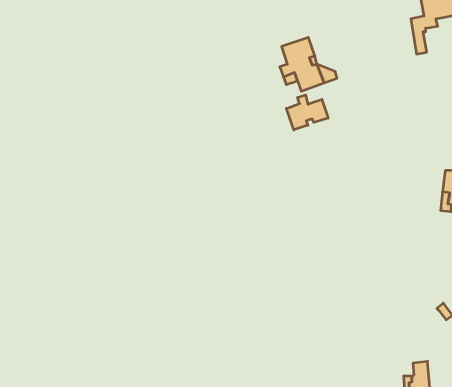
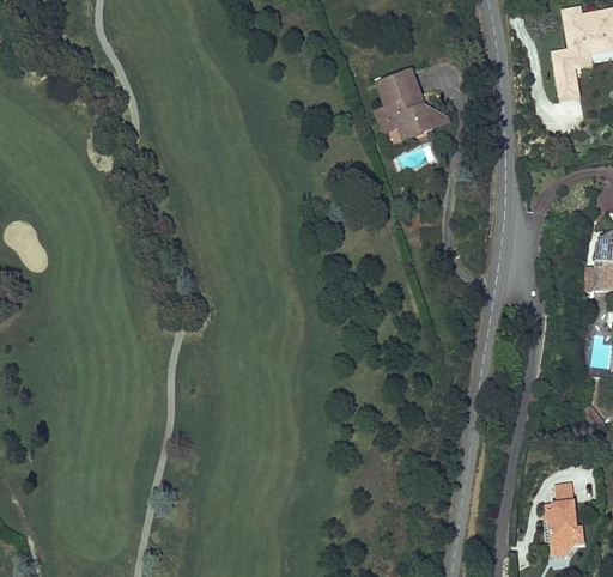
building: [286,95,328,130] -> none

